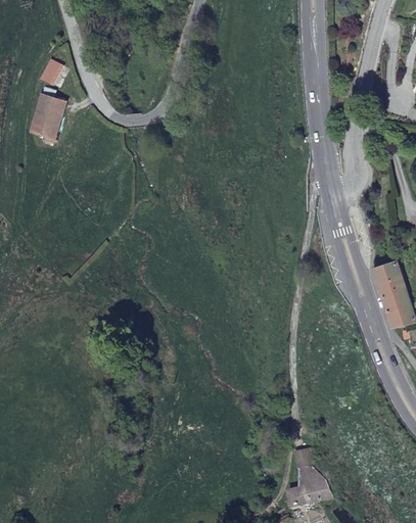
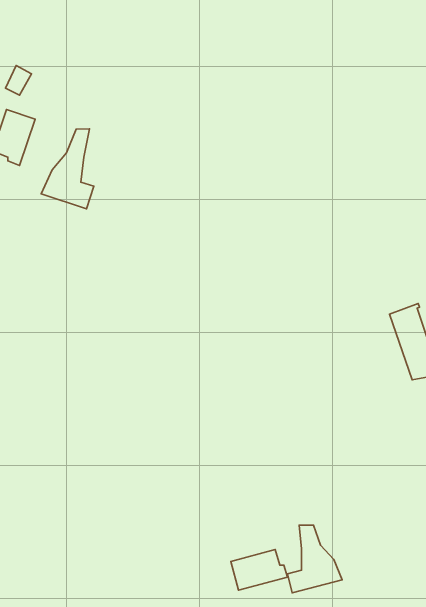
building: none -> [41,129,94,209]
building: none -> [231,549,288,590]

